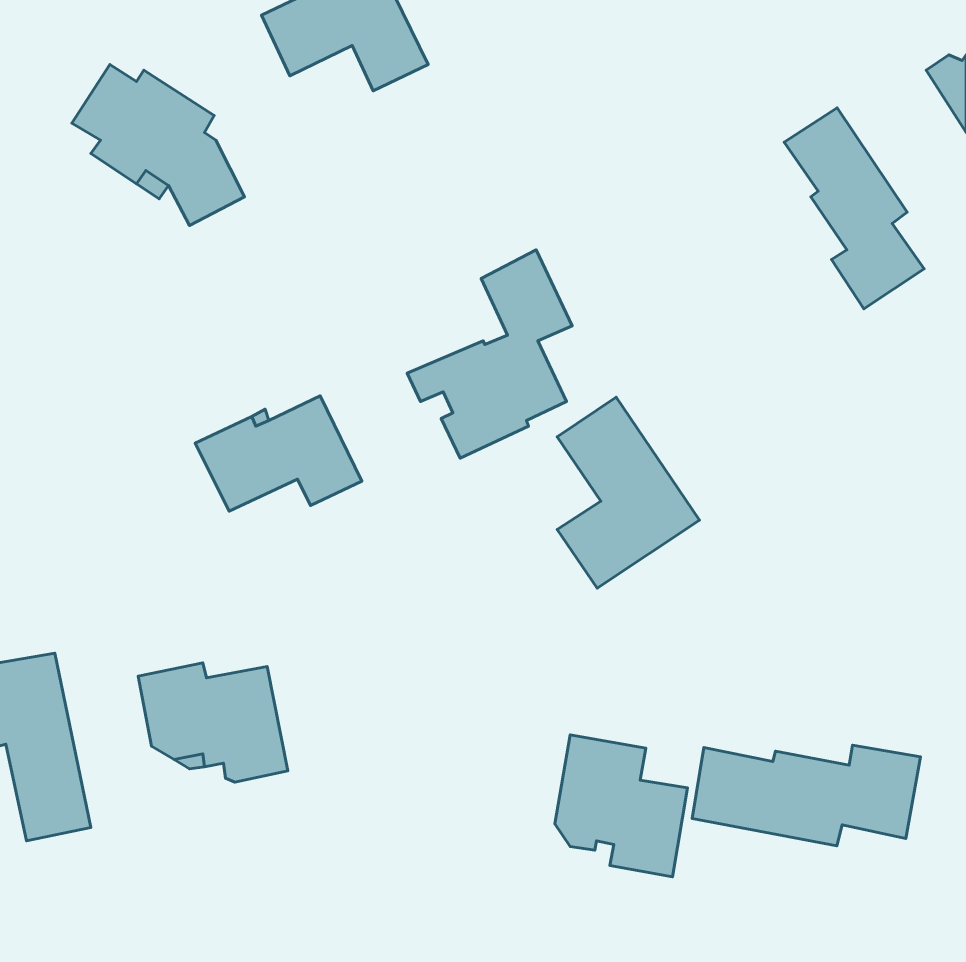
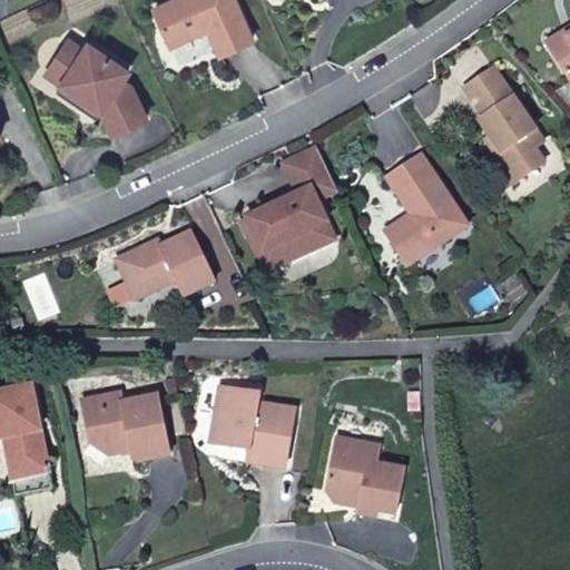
building: [557,397,699,588] -> [383,155,466,267]
building: none -> [210,384,296,466]
building: [692,745,920,846] -> none

